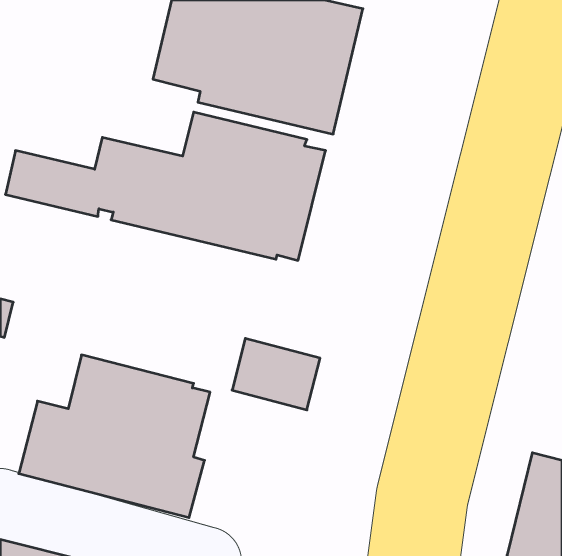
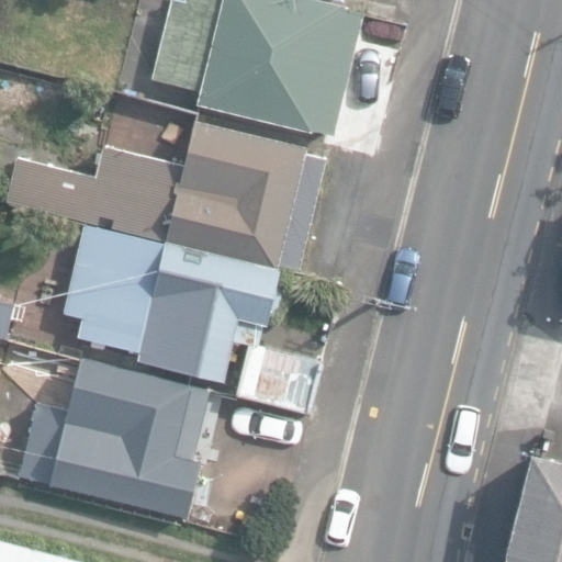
building: none -> [41,221,279,379]

